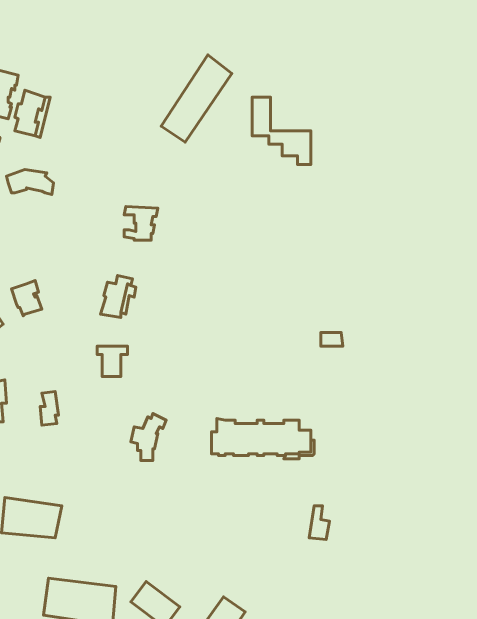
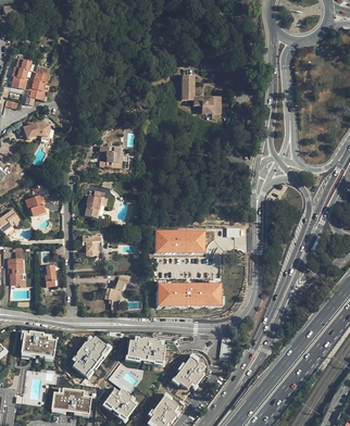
building: [161,55,232,142] -> none
building: none -> [155,229,207,253]
building: none -> [71,335,109,376]
building: none -> [128,338,167,362]
building: none -> [174,355,205,389]

